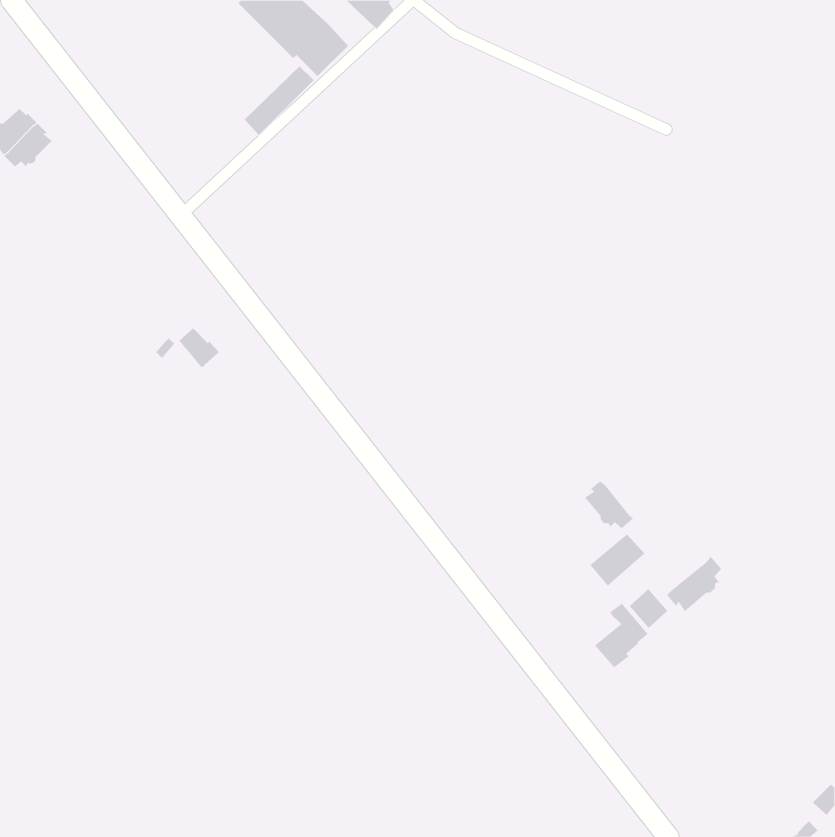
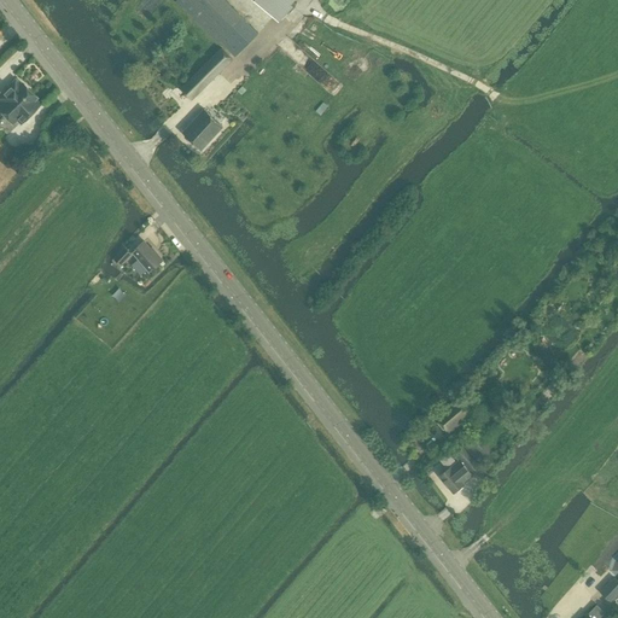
building: none -> [181,109,222,150]
building: [584,480,634,529] -> none
building: [667,556,722,612] -> none

